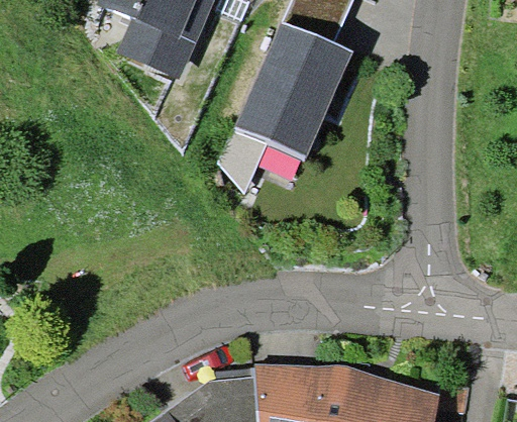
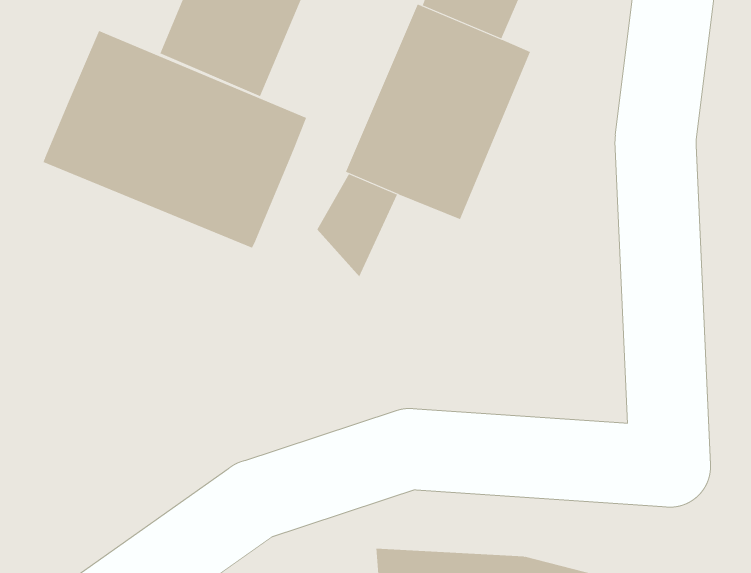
building: none -> [43,30,307,249]

